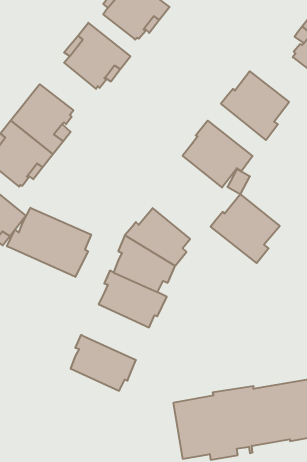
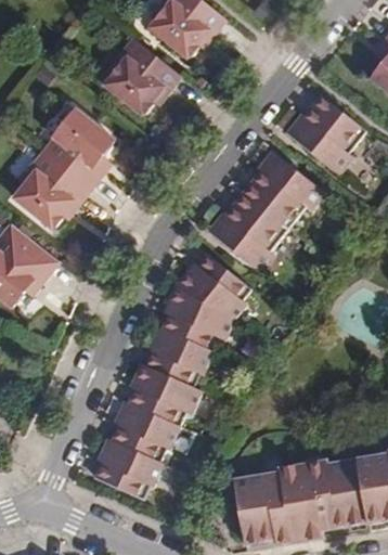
building: [211,194,280,263] -> [207,192,287,272]
building: [7,208,91,277] -> none
building: none -> [128,362,210,429]
building: none -> [94,437,171,503]

